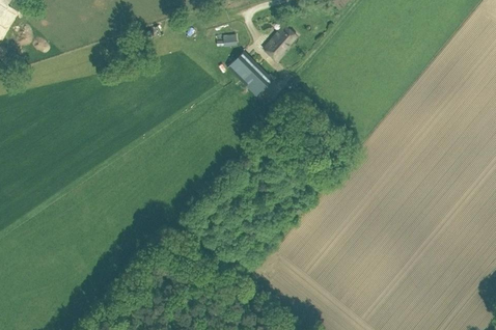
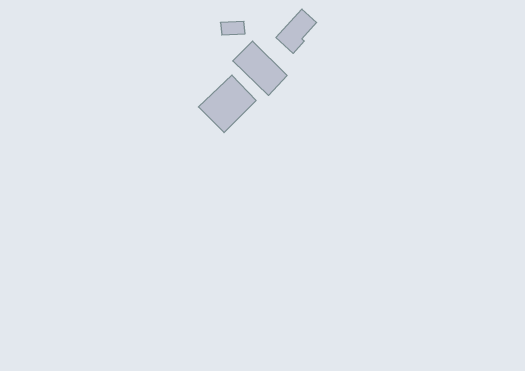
building: none -> [198,75,256,133]

